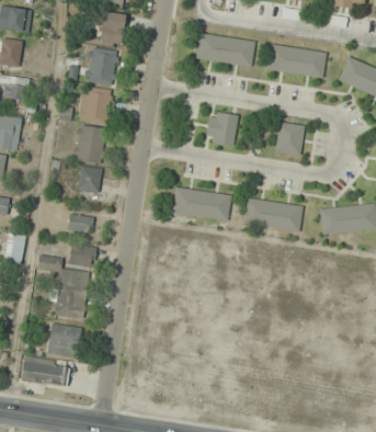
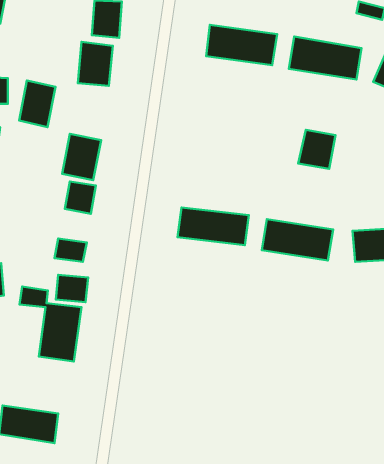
building: [81,86,112,125] -> [19,81,55,127]
building: [203,109,239,147] -> none
building: [49,326,79,354] -> none

